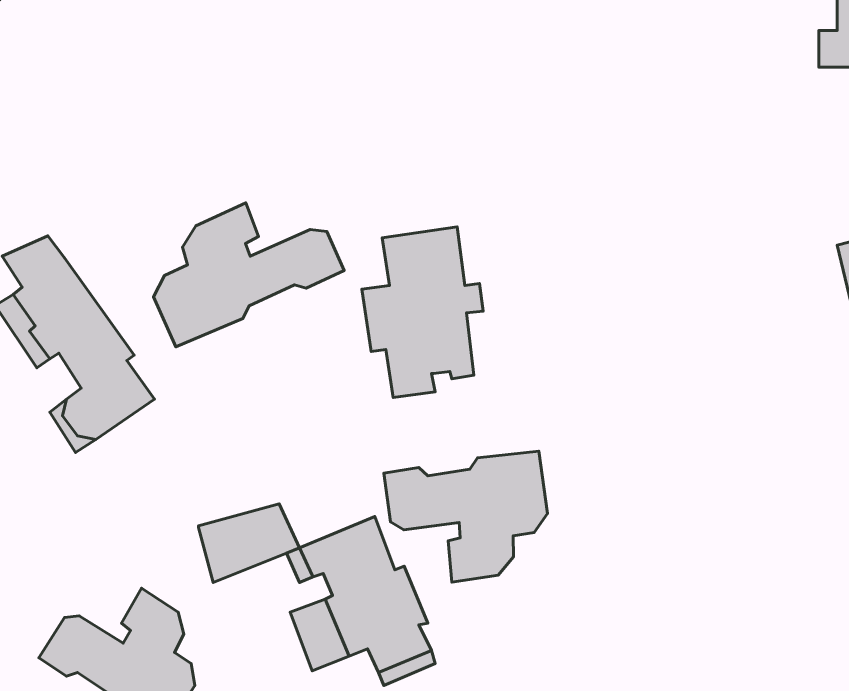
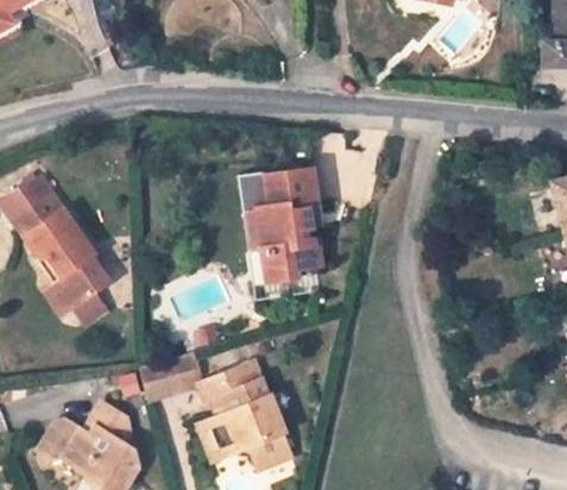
building: [153,203,344,347] -> none
building: [384,451,548,582] -> none

